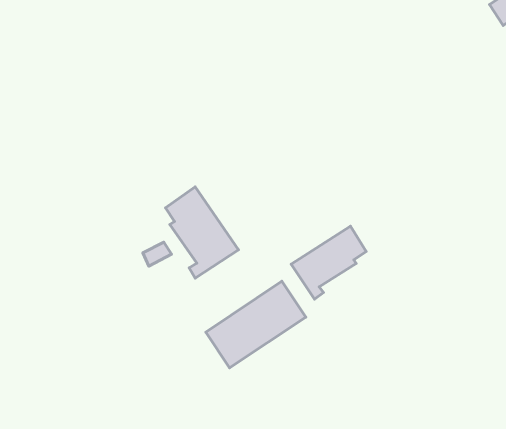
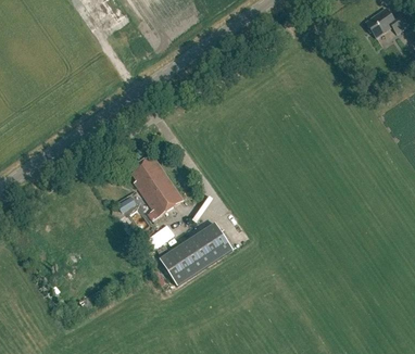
building: [291,226,366,299] -> none

